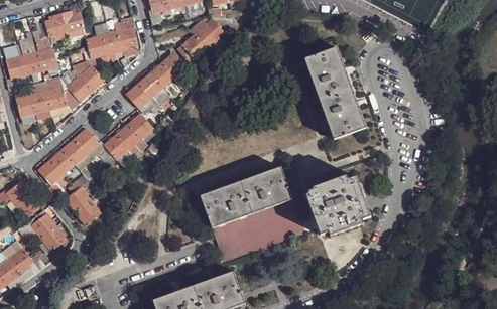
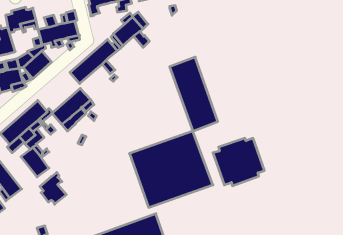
building: [304,45,365,138] -> [170,57,218,131]
building: [138,87,170,115] -> none
building: none -> [40,172,66,204]

